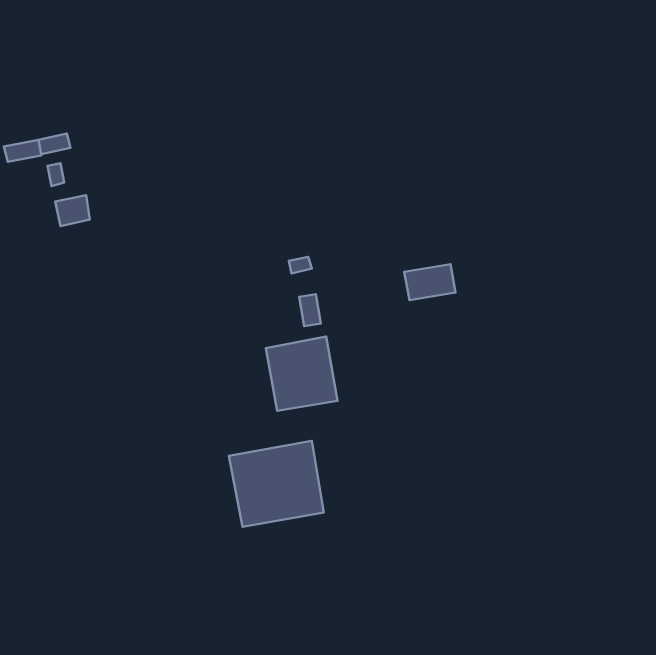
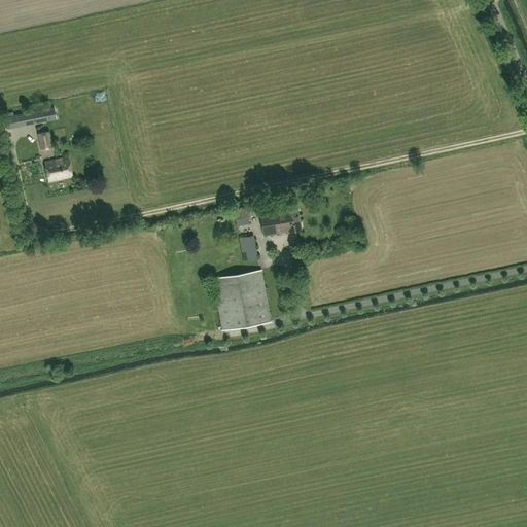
building: [404,264,456,300] -> [259,208,301,237]
building: [229,441,324,527] -> none

